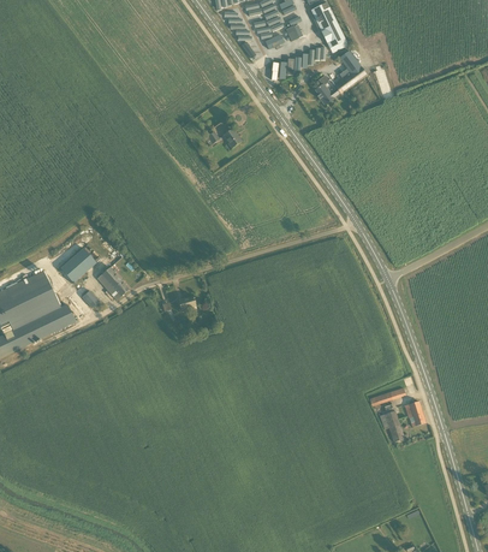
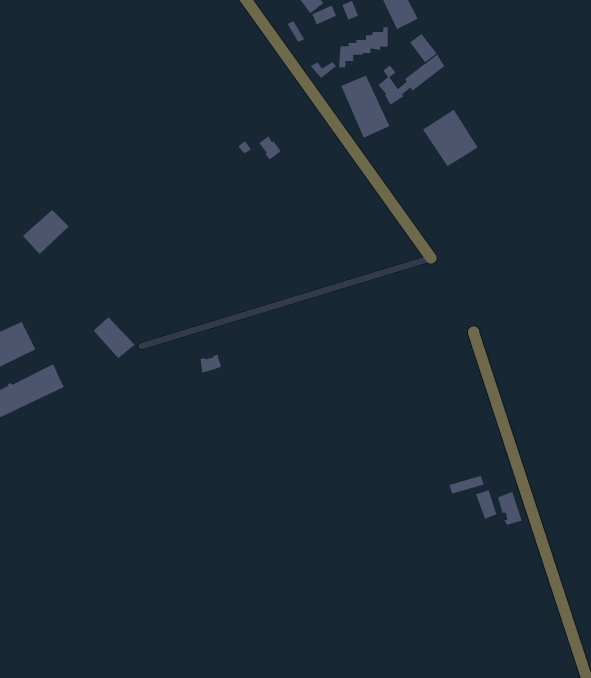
building: none -> [340,75,390,138]
building: none -> [422,109,478,167]
building: [59,245,95,280] -> [22,209,69,255]

